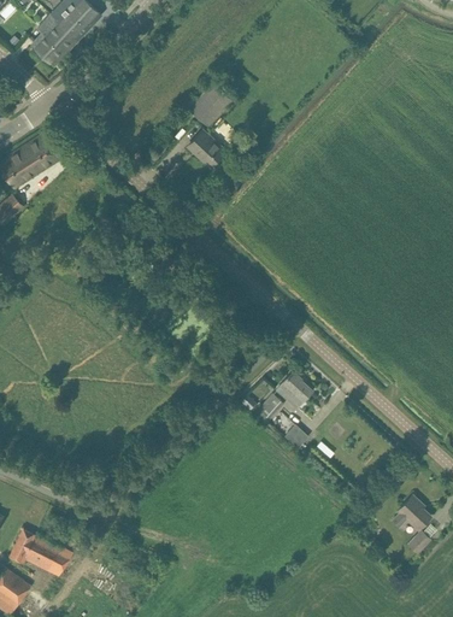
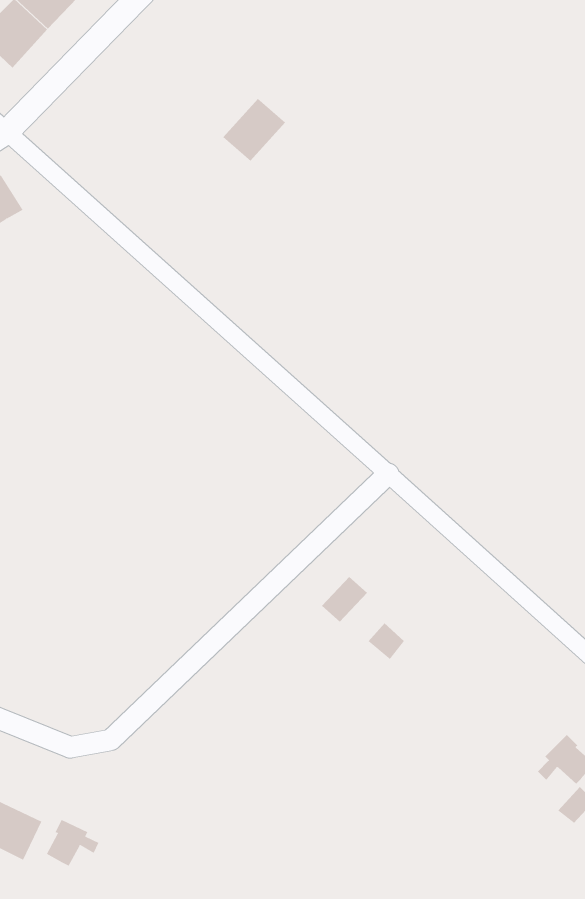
building: [187,130,226,170] -> none
building: [277,371,312,409] -> none
building: none -> [46,819,99,866]

